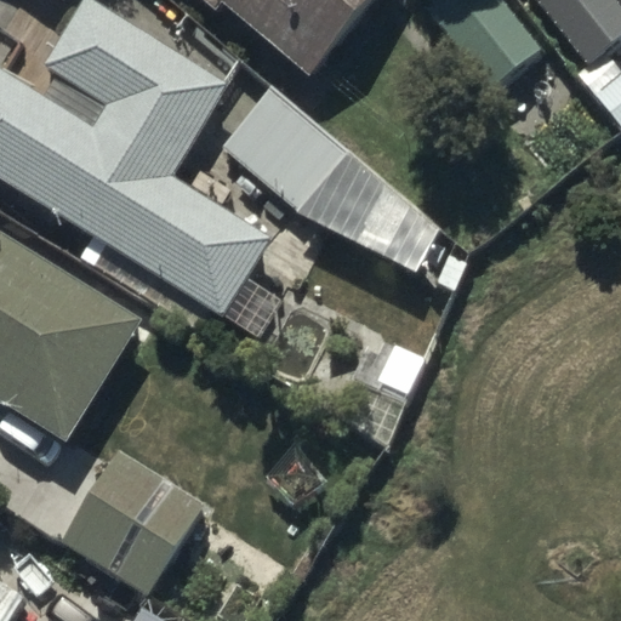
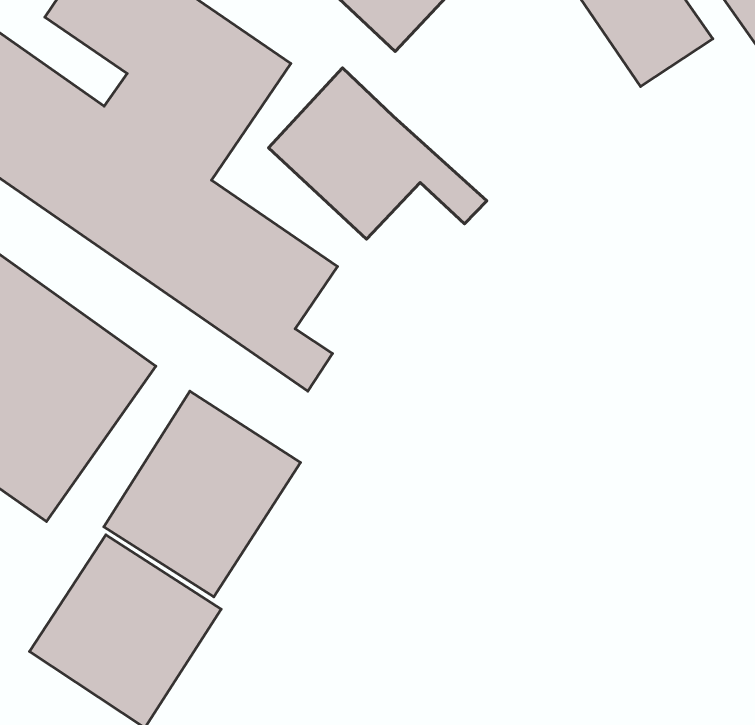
building: none -> [104,391,300,597]

